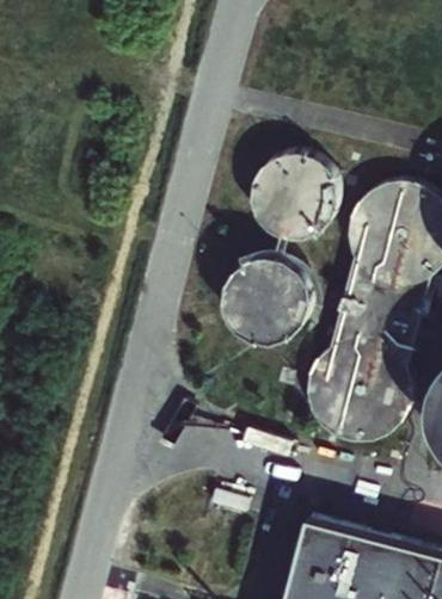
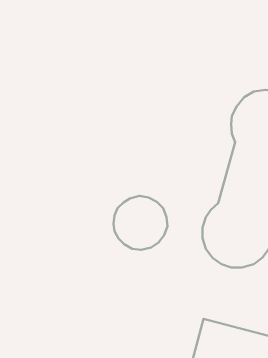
building: [250,155,329,234] -> none
building: [223,259,302,338] -> [114,196,167,250]

